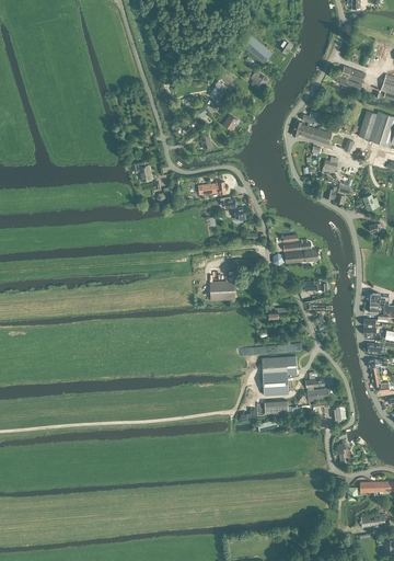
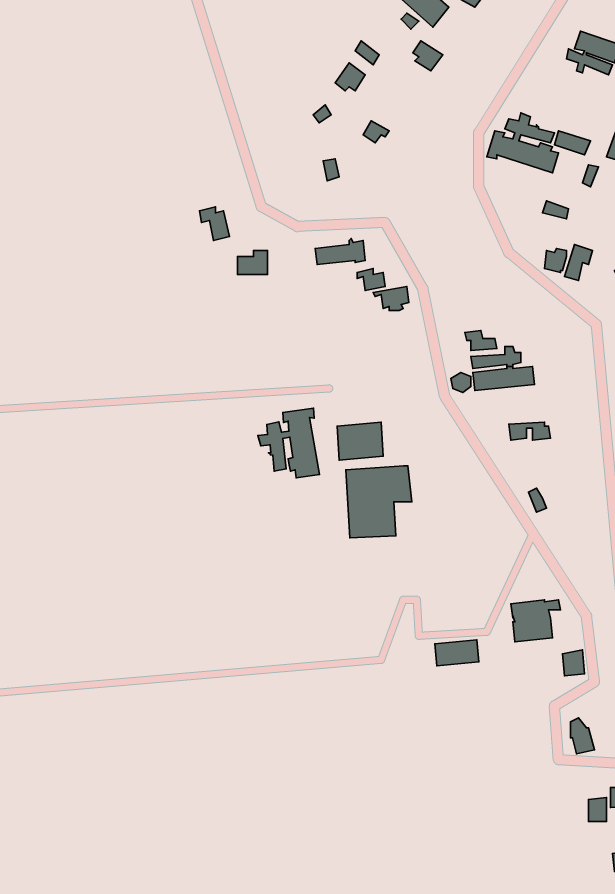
building: none -> [258,408,320,478]
building: [262,355,298,394] -> [346,466,412,538]

